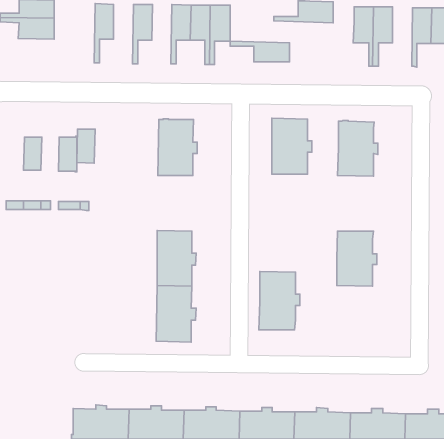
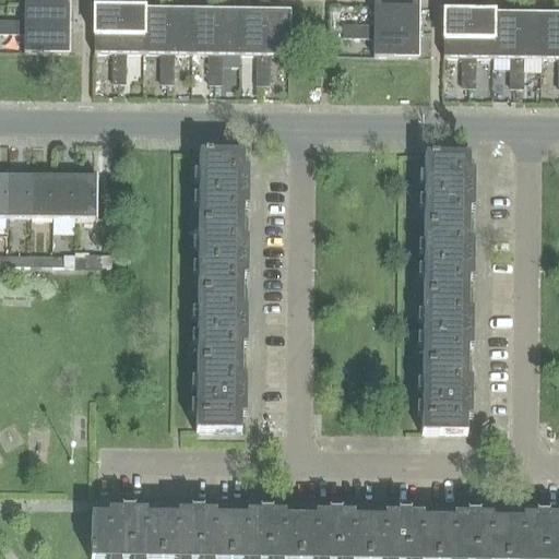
building: none -> [95,4,121,79]
building: none -> [144,5,169,80]
building: none -> [192,5,217,80]
building: none -> [493,9,519,83]
building: [230,41,290,62] -> [345,26,419,52]
building: [272,118,312,174] -> [425,219,475,289]
building: [77,129,95,163] -> [53,171,76,214]
building: none -> [10,170,33,213]
building: none -> [199,219,248,289]
building: [259,271,300,330] -> [423,357,474,430]

